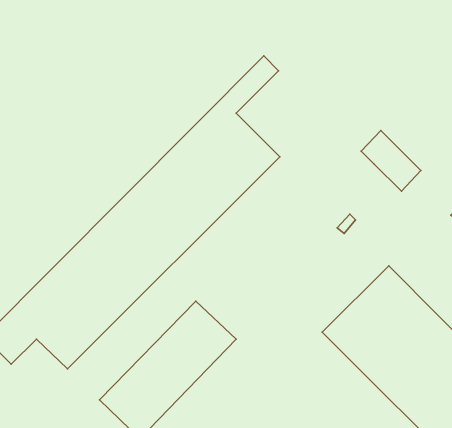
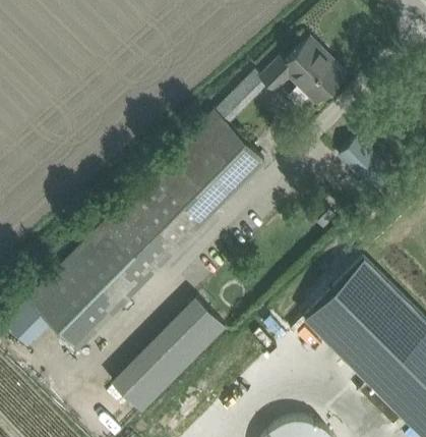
building: none -> [261,43,345,102]

